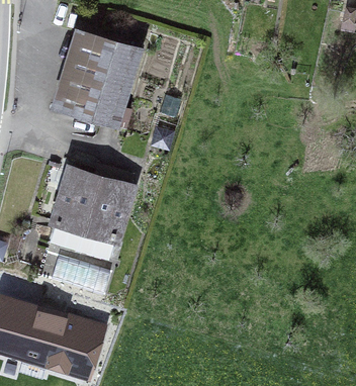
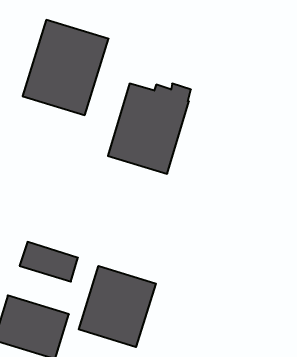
building: [48,167,132,259] -> [108,84,191,174]
building: none -> [79,266,156,347]

